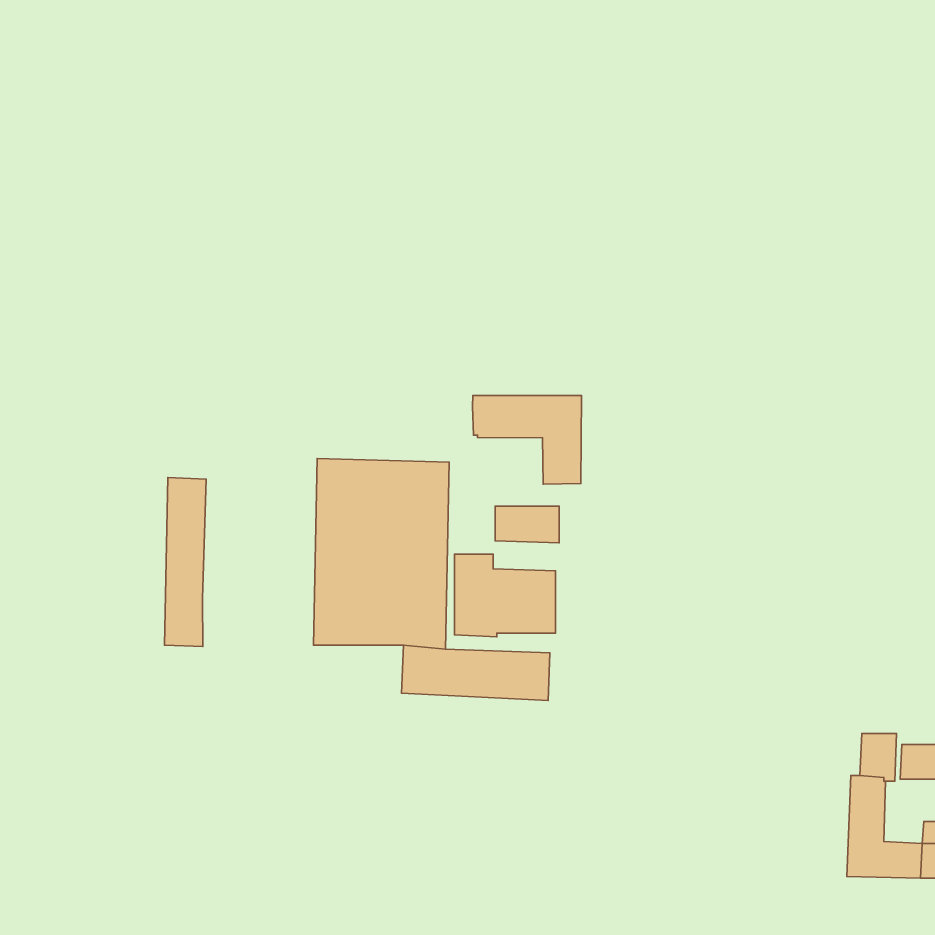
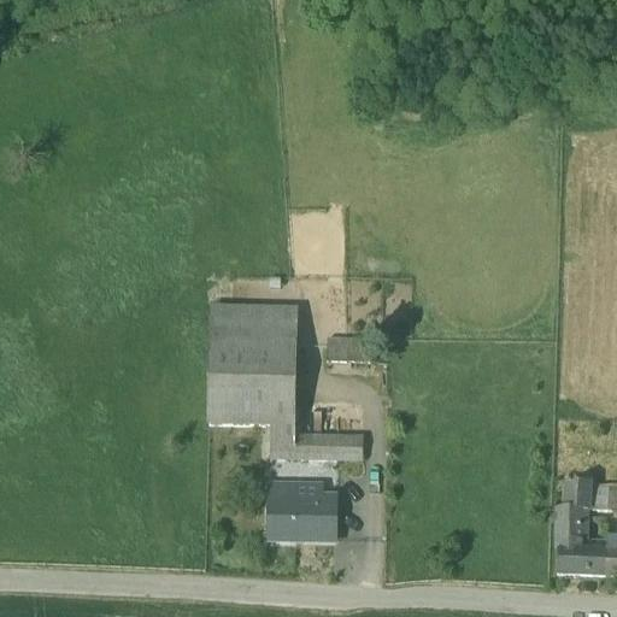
building: [472,395,582,484] -> none
building: [165,478,206,647] -> none
building: [455,554,555,637] -> [269,482,335,536]

